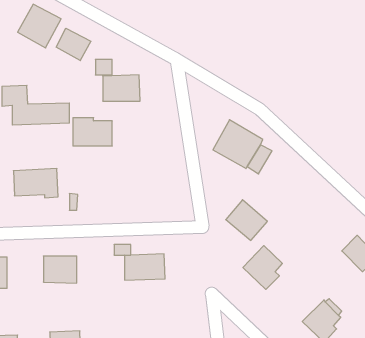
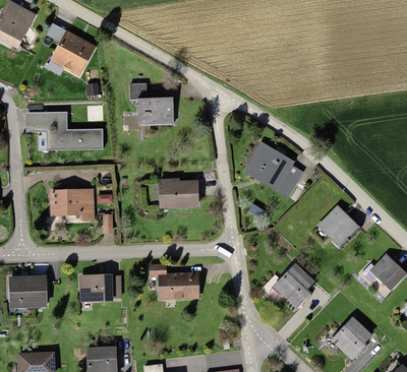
building: [56,28,91,61] -> none
building: [73,118,112,146] -> [159,179,197,206]
building: [226,200,267,240] -> [319,206,360,246]

